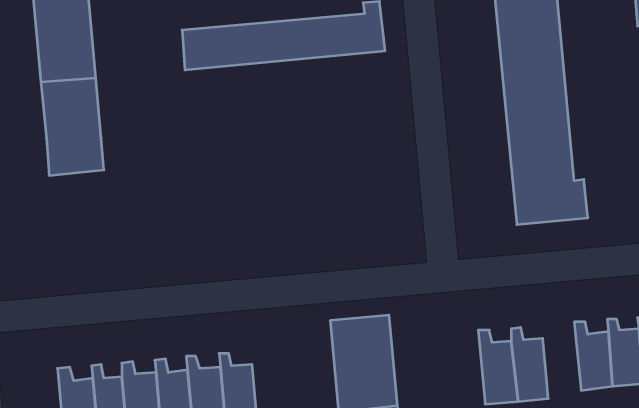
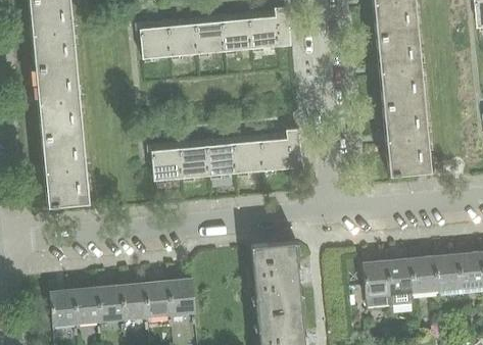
building: none -> [150,129,302,181]
building: none -> [42,133,89,205]
building: none -> [408,248,438,299]

